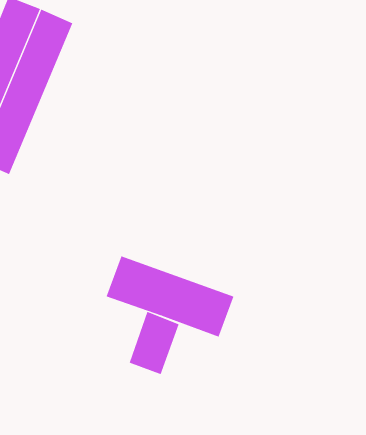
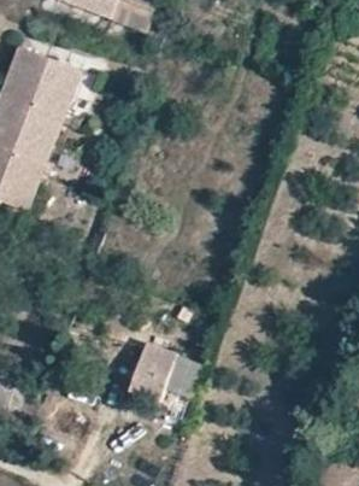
building: [106,256,234,337] -> none

